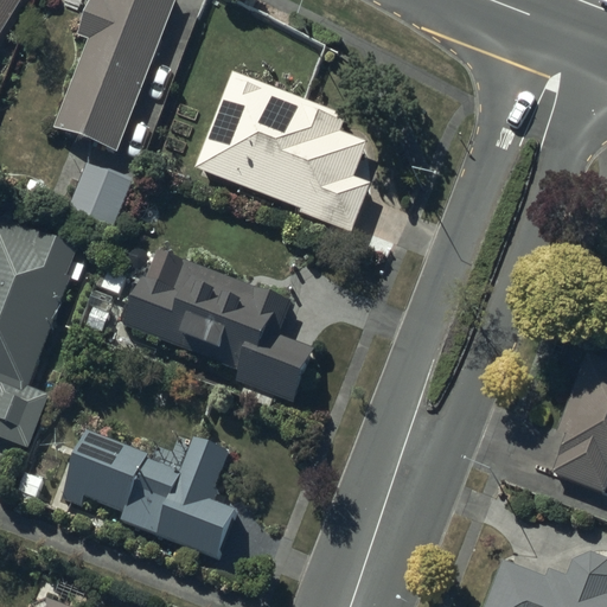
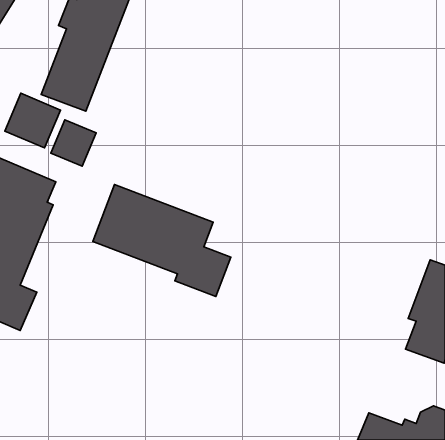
building: [194,71,371,234] -> none
building: none -> [5,93,60,148]
building: [64,427,236,552] -> none

